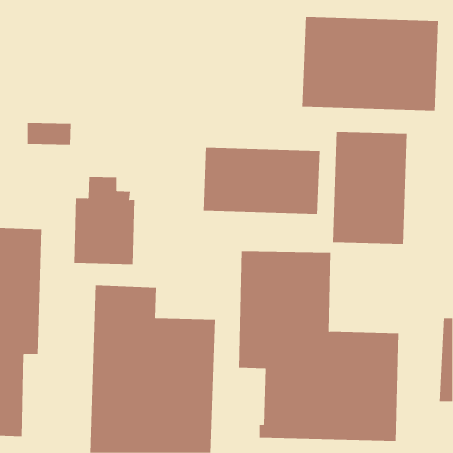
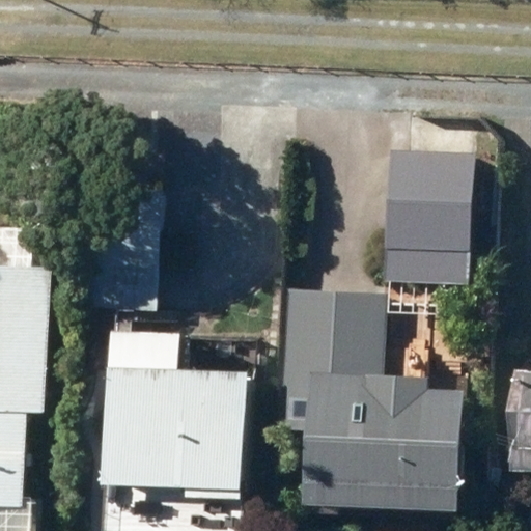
building: [302,16,439,111] -> none
building: [203,147,320,215] -> none

